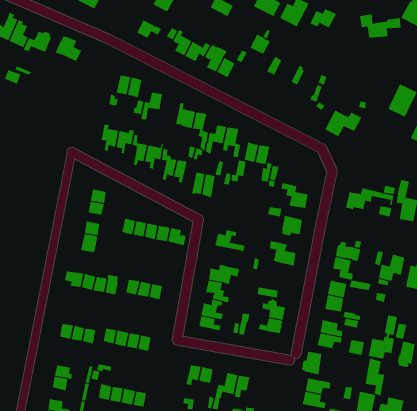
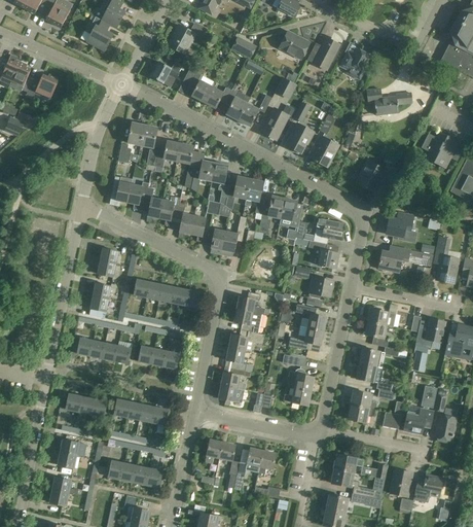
building: [359,14,402,38] -> [365,87,411,114]
building: [55,35,82,62] -> none
building: none -> [261,108,288,139]
building: none -> [286,124,313,152]
building: none -> [310,137,337,167]
building: none -> [176,143,197,187]
building: none -> [385,213,416,243]
building: none -> [313,218,344,244]
building: none -> [233,309,261,333]
building: none -> [288,326,323,350]
building: [302,351,322,375] -> none
building: [365,358,385,396] -> none

